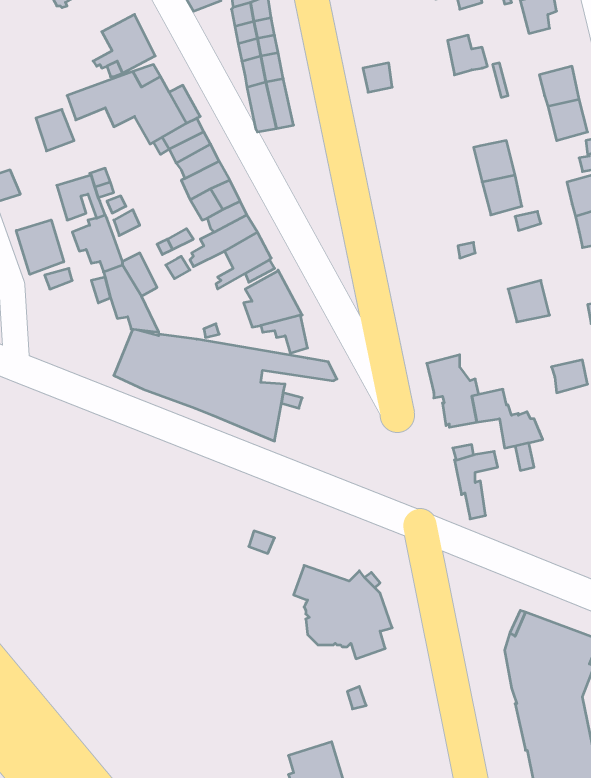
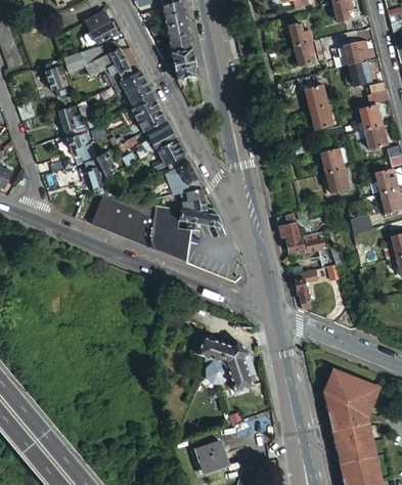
building: none -> [294,41,317,64]
building: [16,220,64,274] -> none
building: none -> [320,148,353,173]

